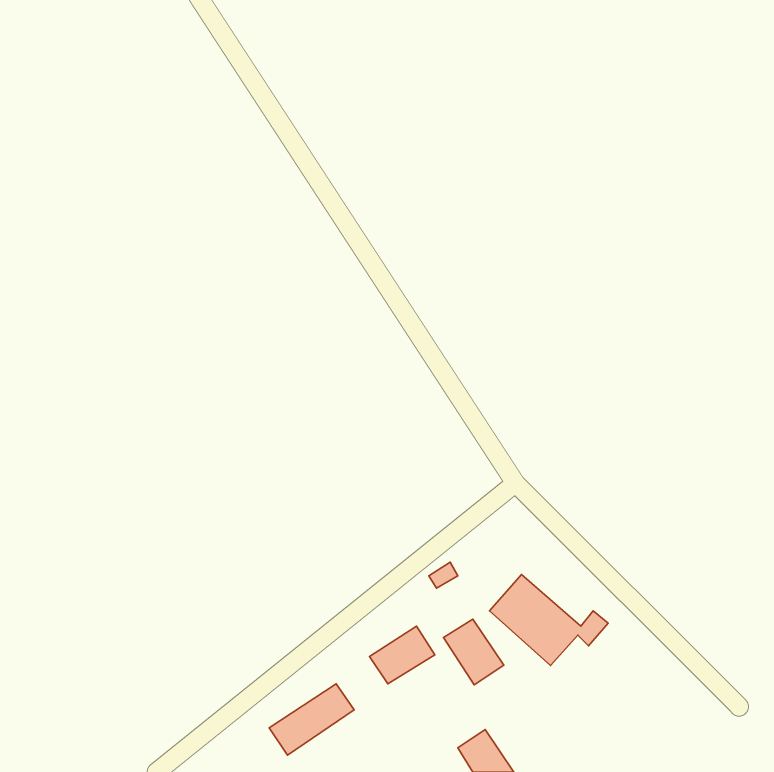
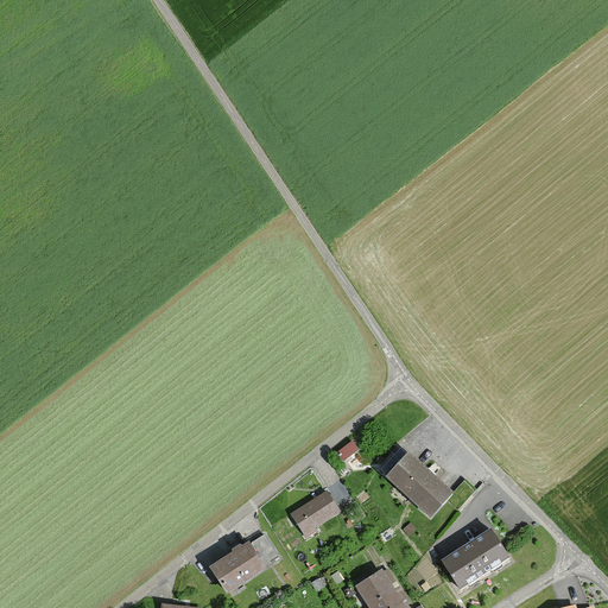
building: [443,619,504,685] -> none
building: none -> [442,528,509,589]

